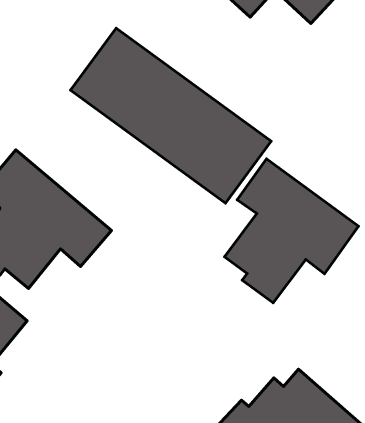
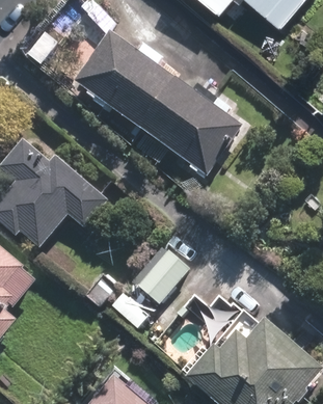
building: [224,159,359,303] -> none
building: none -> [128,246,187,306]

